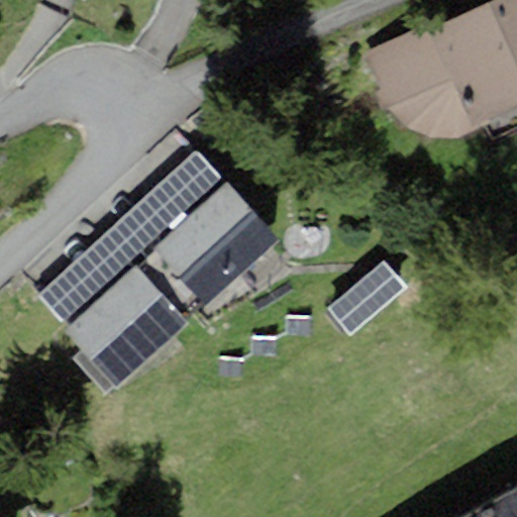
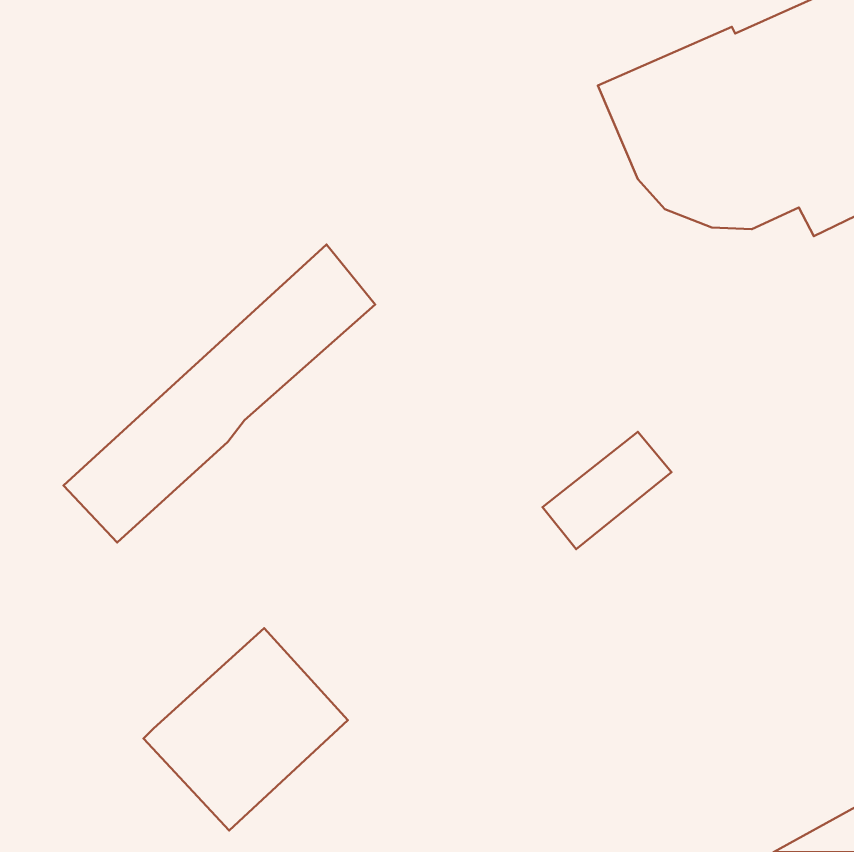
building: [148,184,278,310] -> none
building: [66,267,189,389] -> [144,628,348,831]

